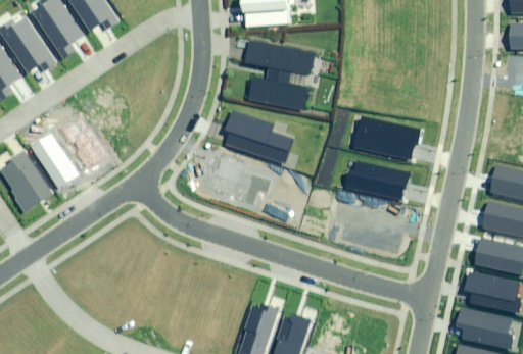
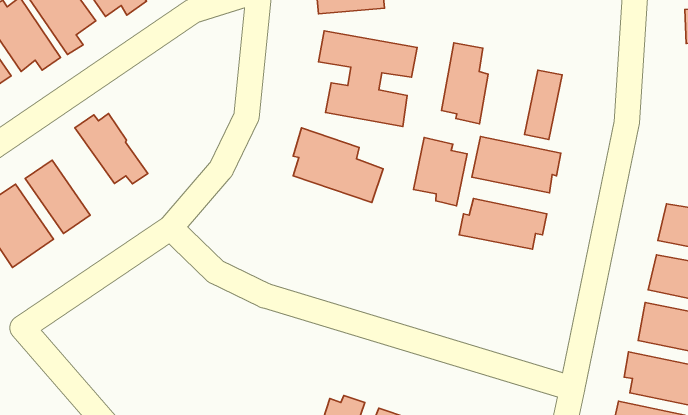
building: none -> [441,43,488,124]
building: none -> [524,70,562,139]
building: none -> [75,113,148,184]
building: none -> [413,137,467,206]

